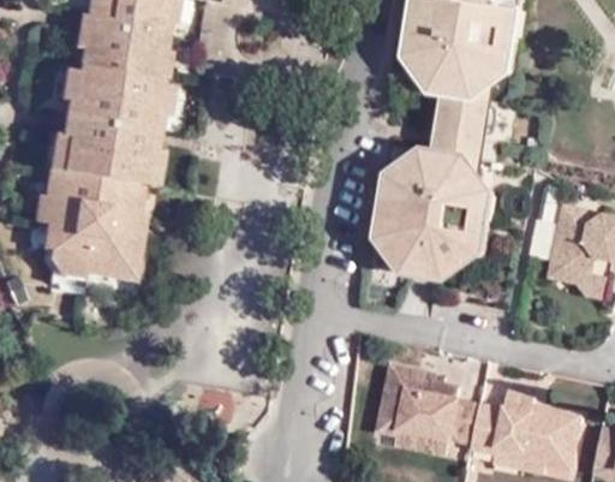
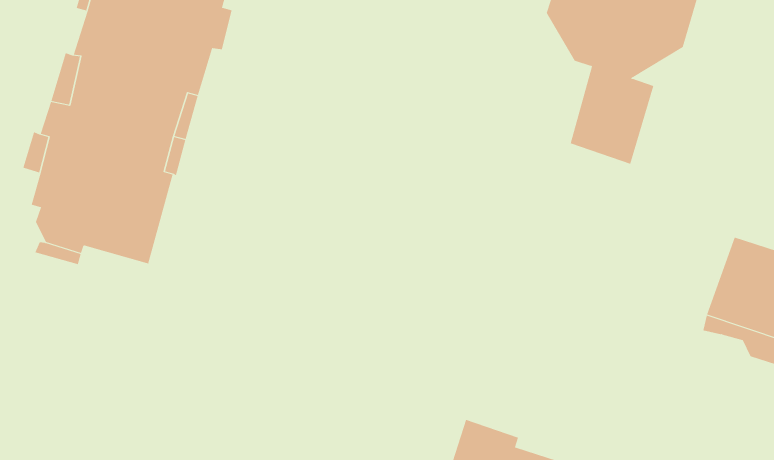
building: [375,149,490,281] -> none

